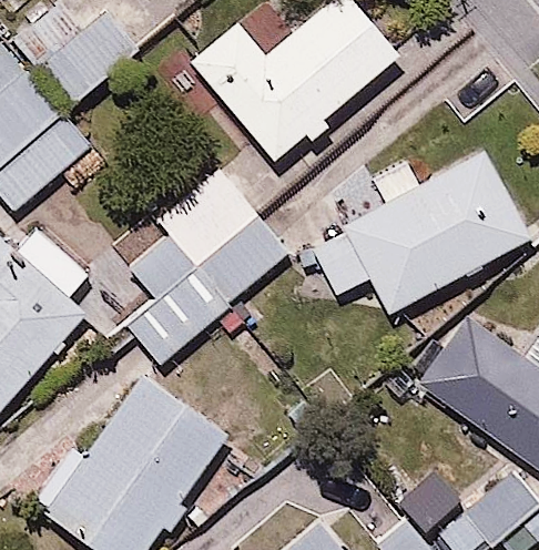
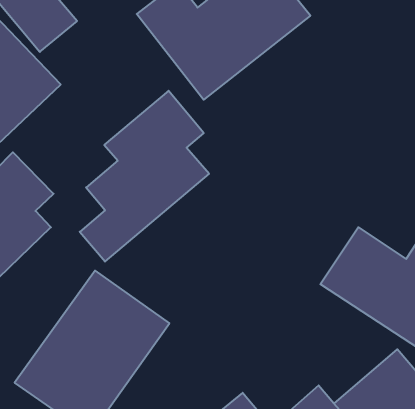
building: [309,151,528,315] -> none

